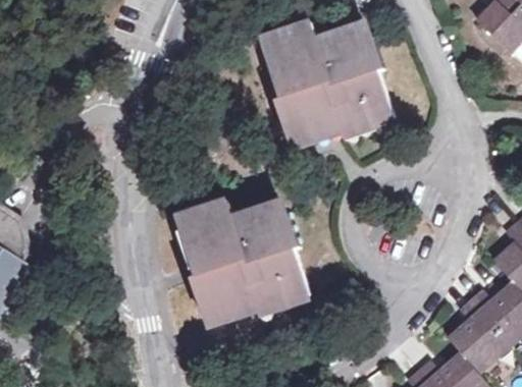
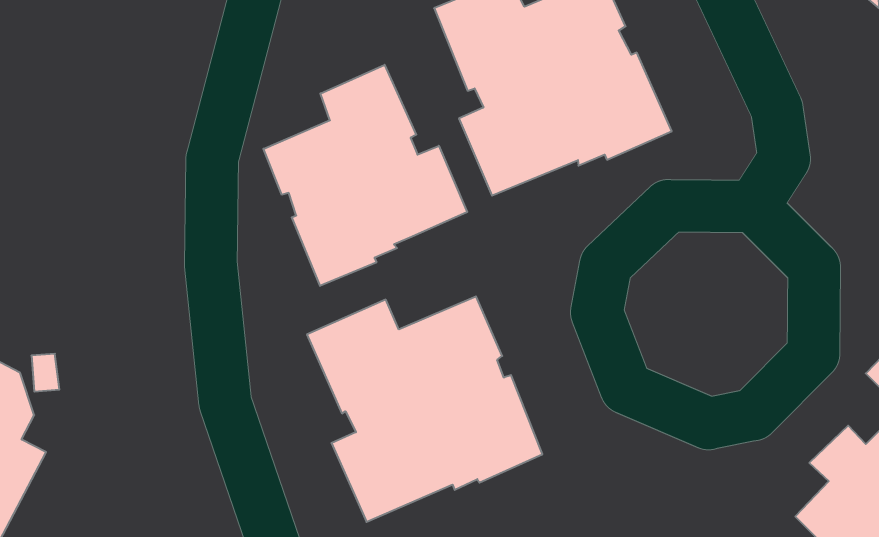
building: none -> [263,65,467,286]

